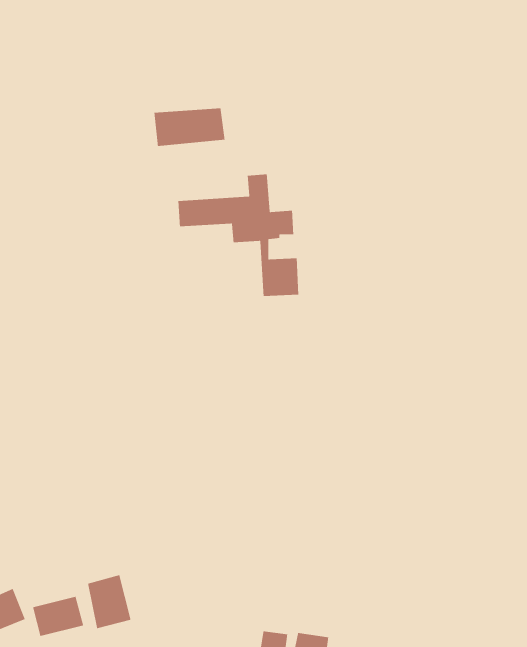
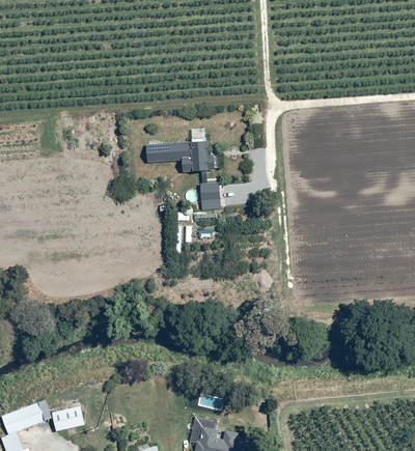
building: [154,108,226,147] -> none
building: [87,574,131,629] -> none

